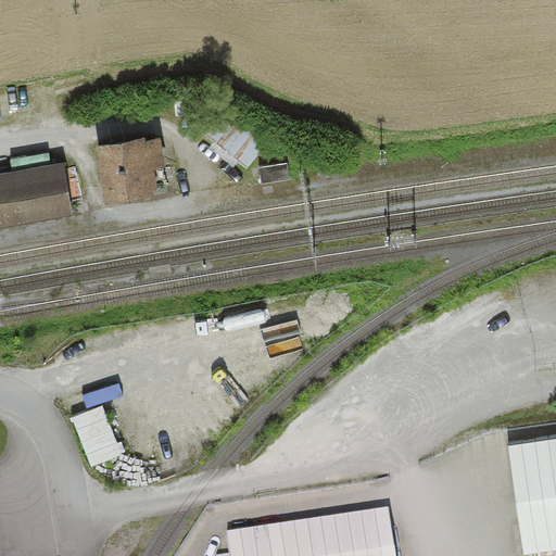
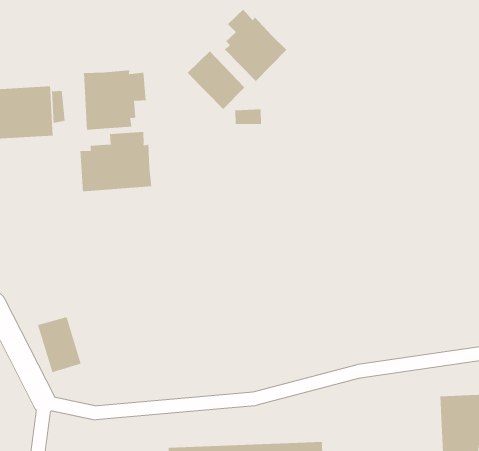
building: none -> [224,9,287,82]
building: none -> [80,131,152,192]

